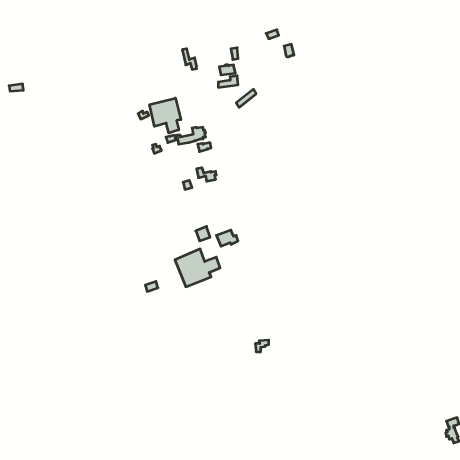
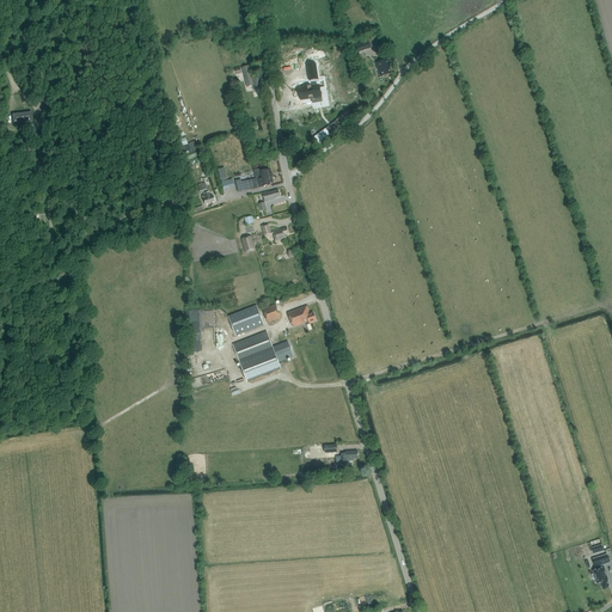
building: [150,98,181,133] -> none
building: none -> [228,304,263,333]

